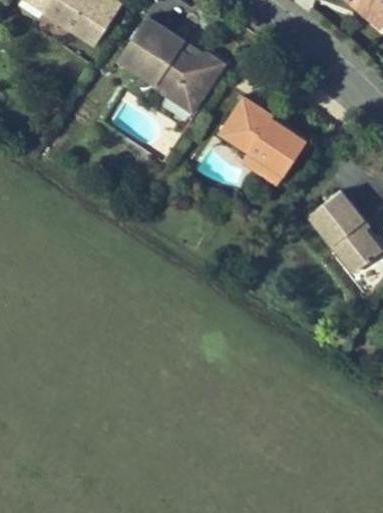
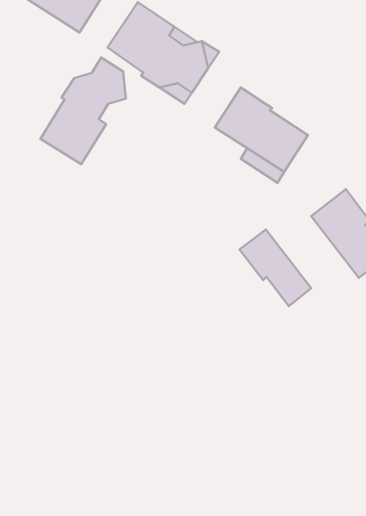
building: none -> [41,57,126,164]
building: none -> [239,230,311,306]

